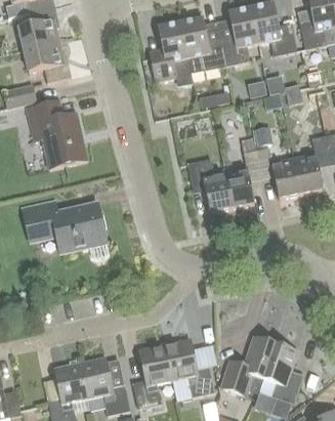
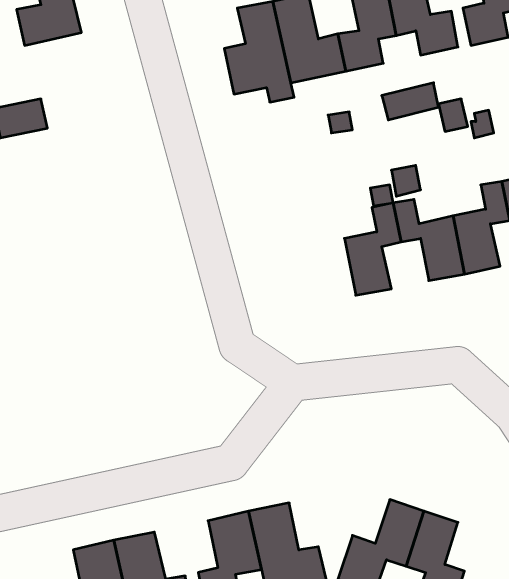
building: [23,41,71,81] -> none
building: [26,99,87,168] -> none
building: [186,158,232,212] -> none
building: [22,200,107,257] -> none

